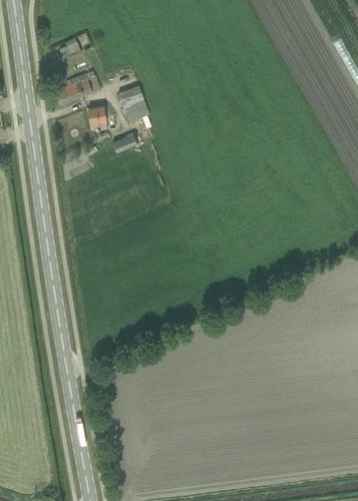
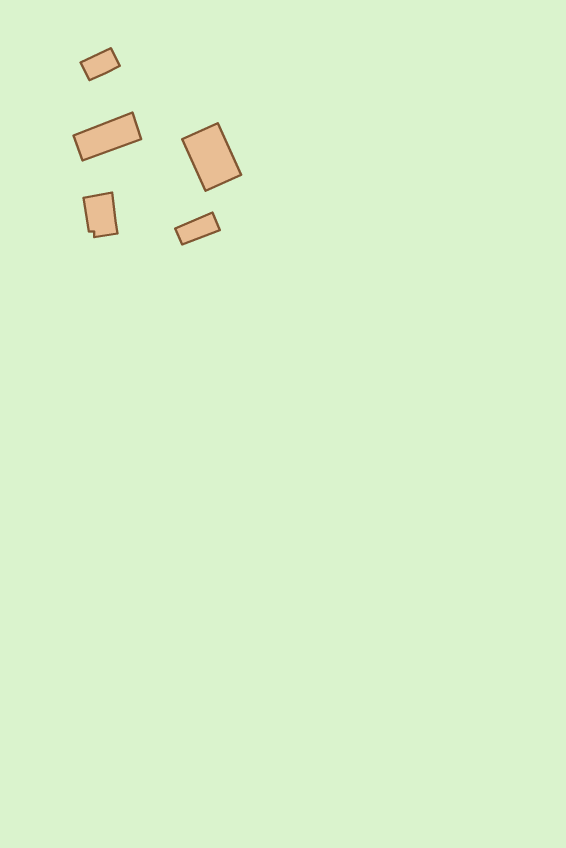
building: [88,104,107,129] -> [83,192,117,237]

